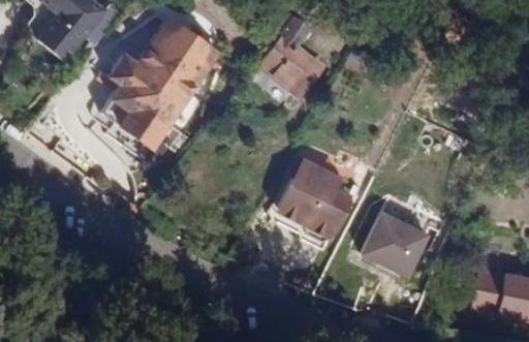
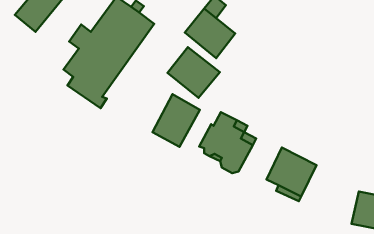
building: none -> [167,47,220,98]
building: none -> [152,94,200,147]

